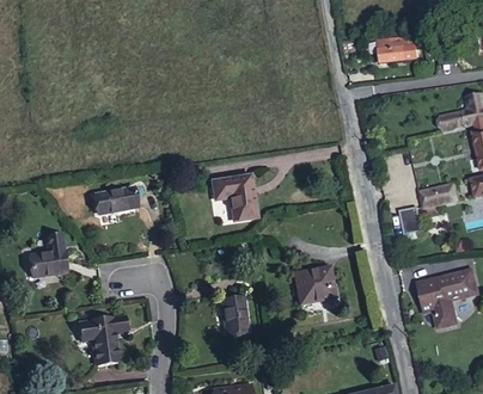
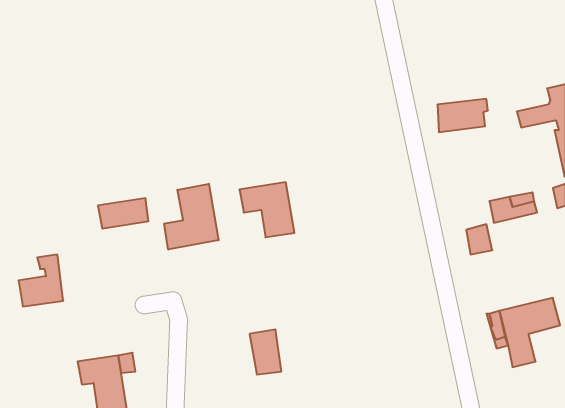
building: [378,35,420,62] -> [437,99,488,132]
building: none -> [164,184,219,250]
building: [294,266,335,303] -> none

